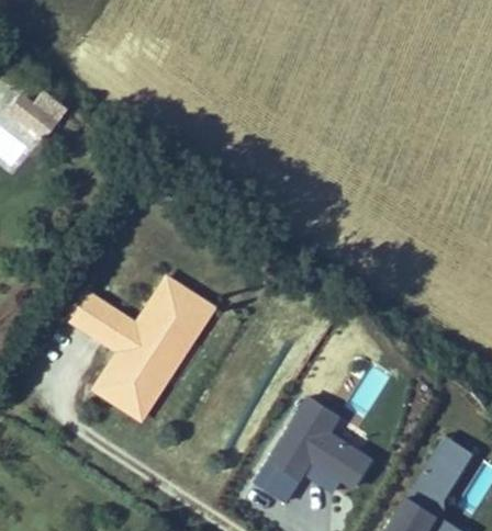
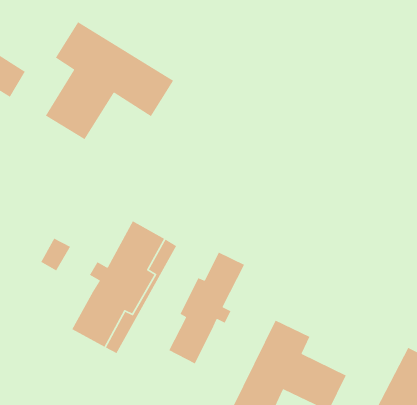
building: none -> [45,21,174,140]
building: [80,302,124,351] -> none
building: none -> [168,251,245,365]

